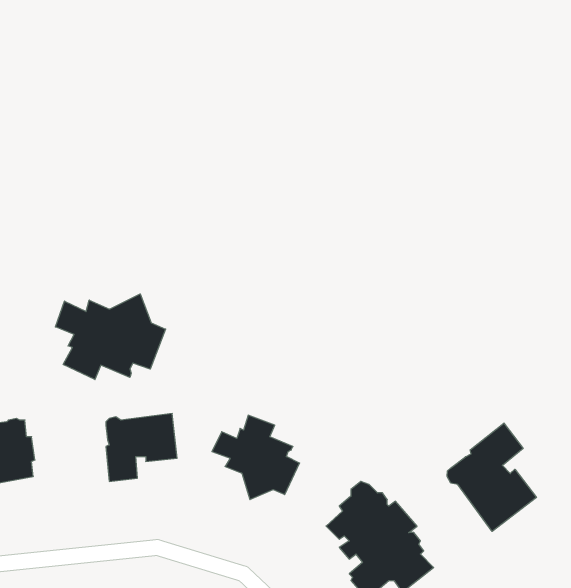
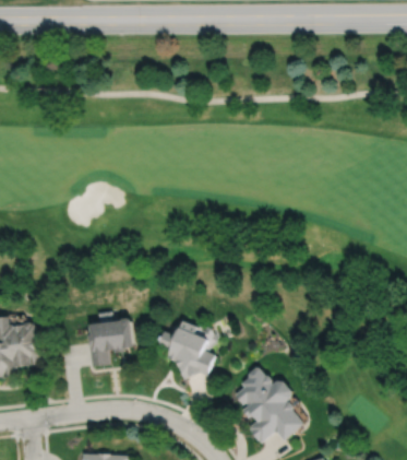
building: [55,294,166,380] -> none
building: [447,423,536,531] -> none

